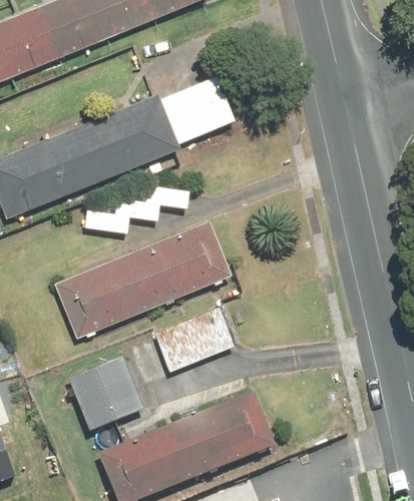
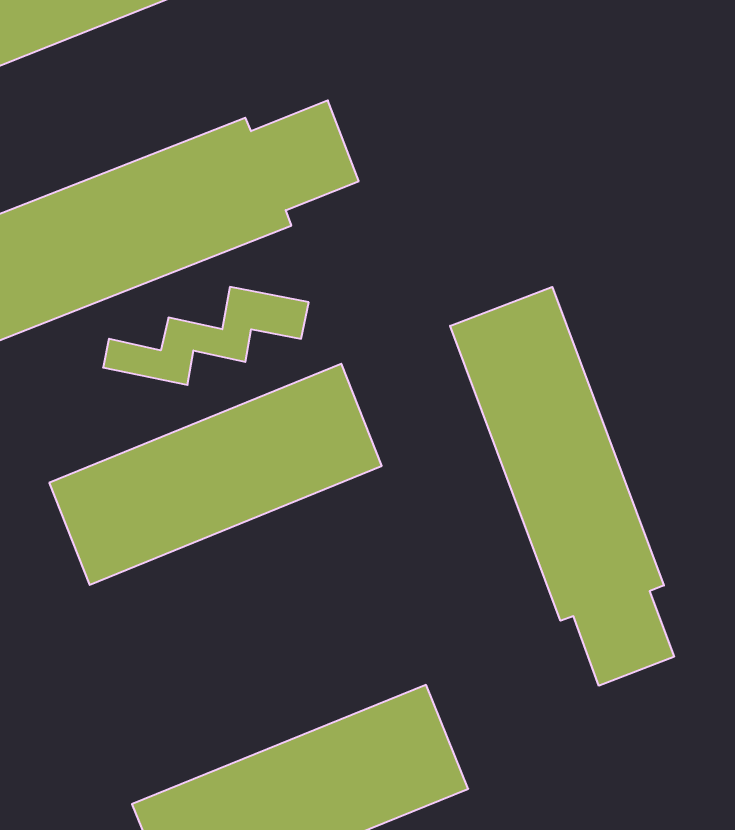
building: none -> [450,287,674,686]
building: [154,308,234,371] -> none
building: [66,356,141,431] -> none

